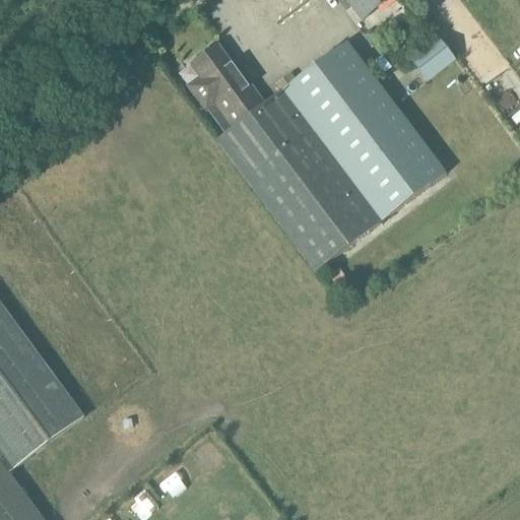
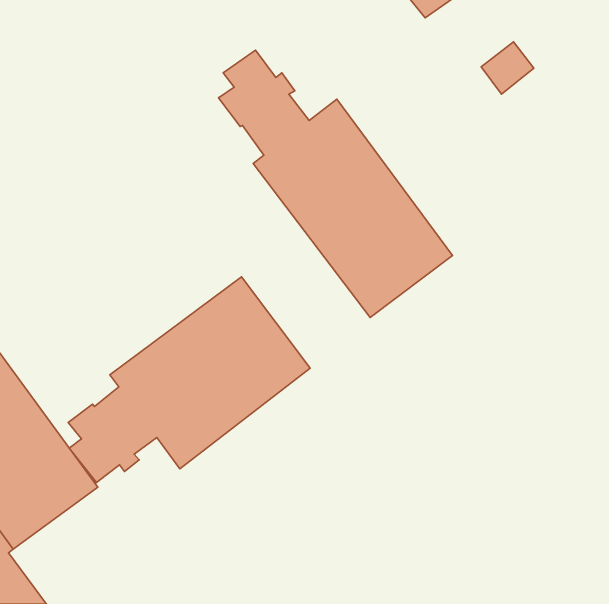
building: [286,39,447,217] -> none
building: none -> [68,277,310,482]

